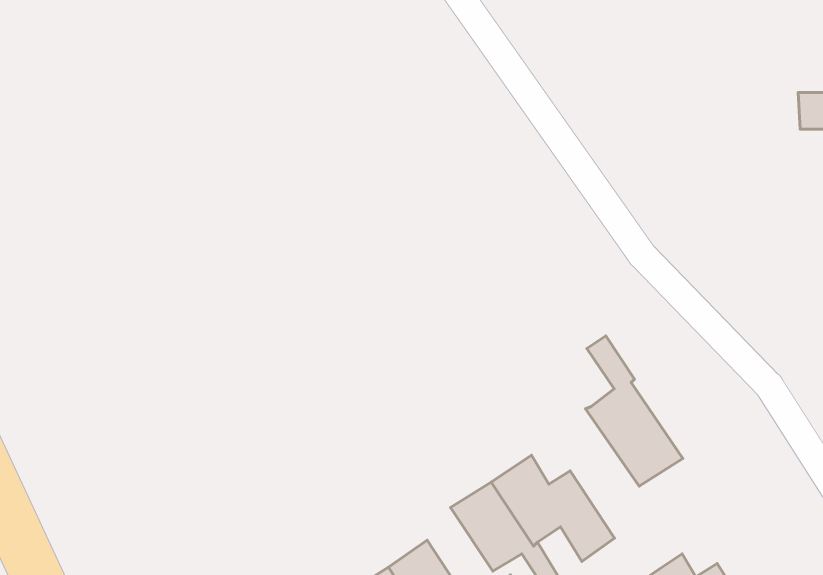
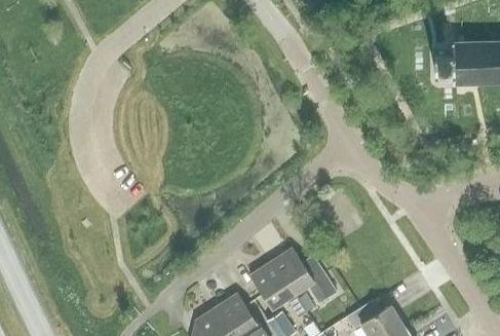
building: [585,336,683,486] -> none

